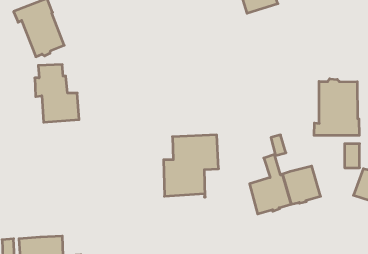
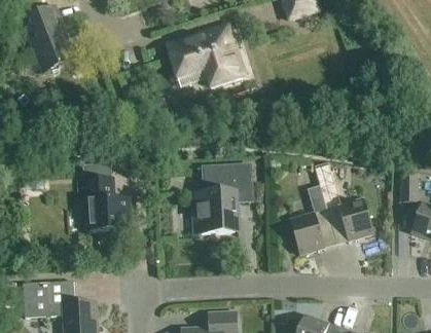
building: none -> [167,27,242,86]
building: [35,65,79,122] -> [78,163,130,230]
building: [314,79,359,135] -> none

